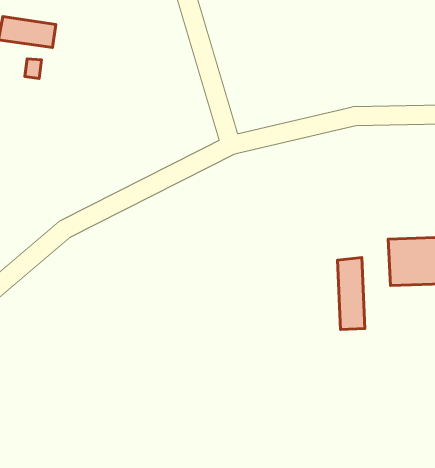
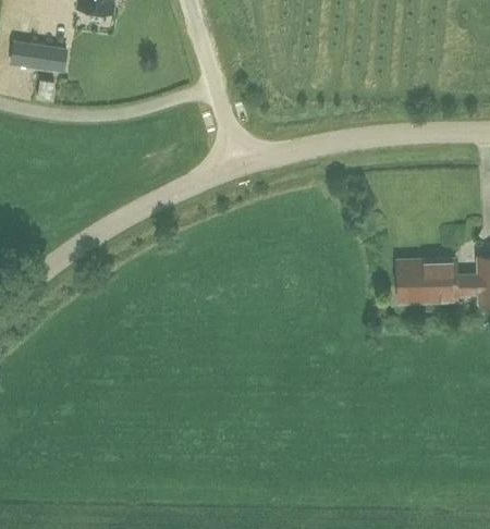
building: [338,258,365,329] -> none

